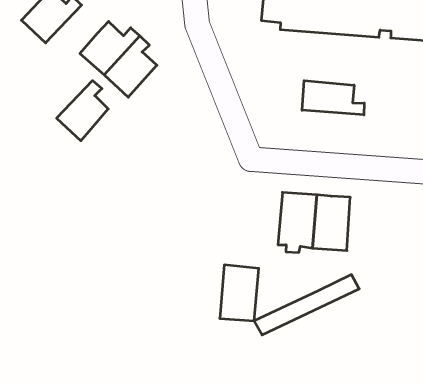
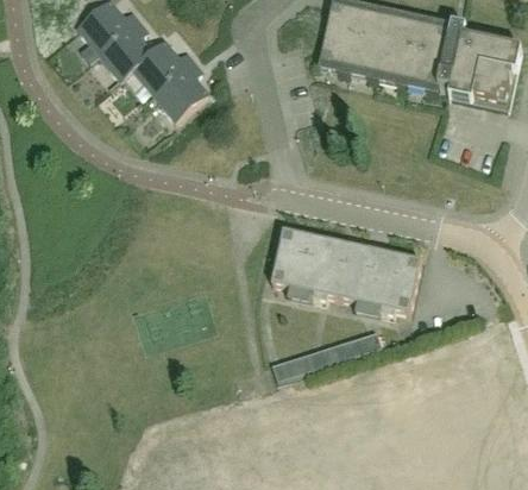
building: [57,81,108,141] -> [98,19,151,78]
building: [302,81,364,115] -> none
building: none -> [373,251,420,315]
building: [220,265,259,321] -> [270,228,316,289]

